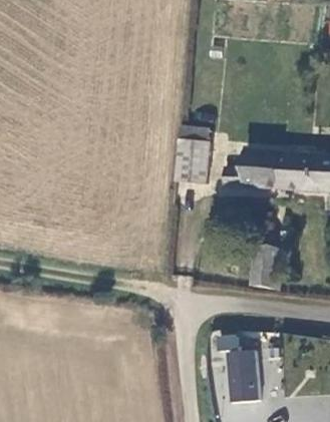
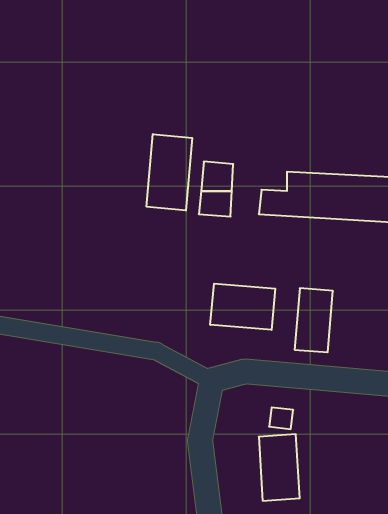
building: none -> [147,134,192,211]
building: none -> [210,284,275,330]

